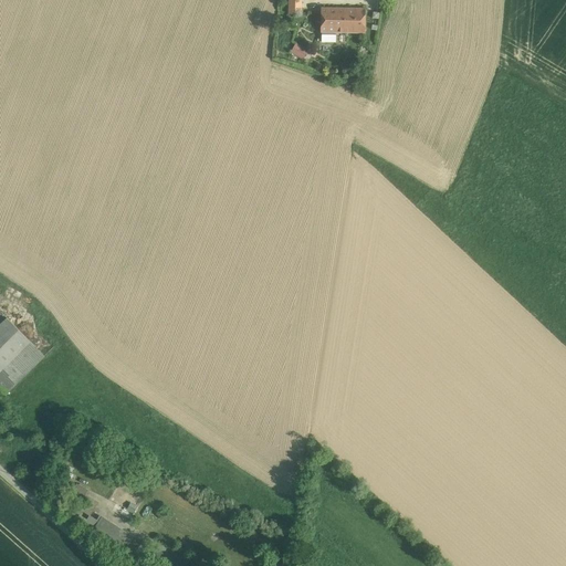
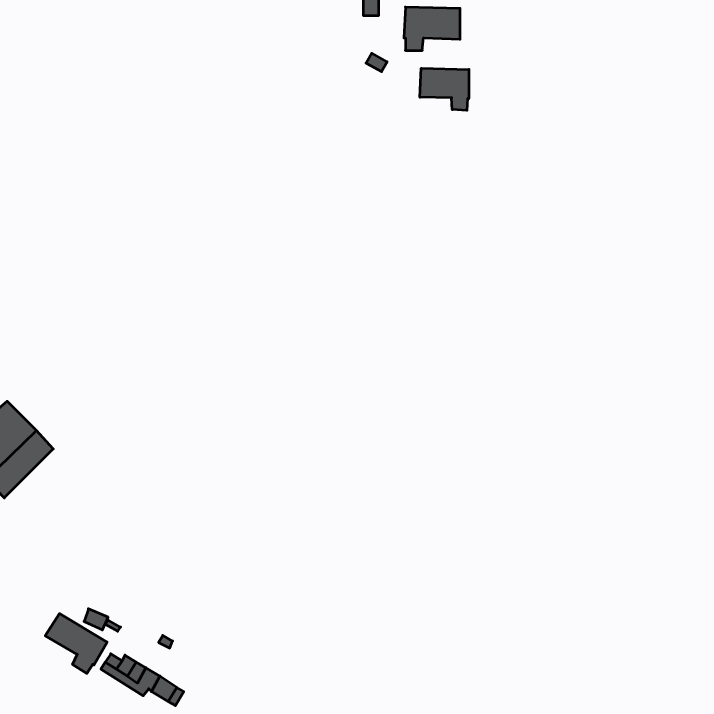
building: none -> [420,68,469,110]
building: none -> [45,614,107,673]

